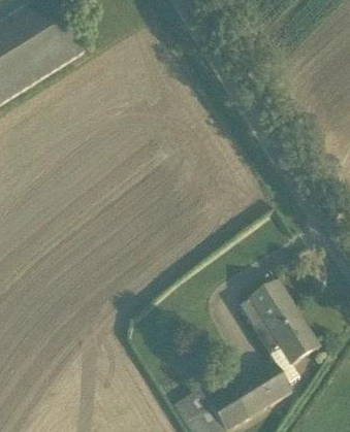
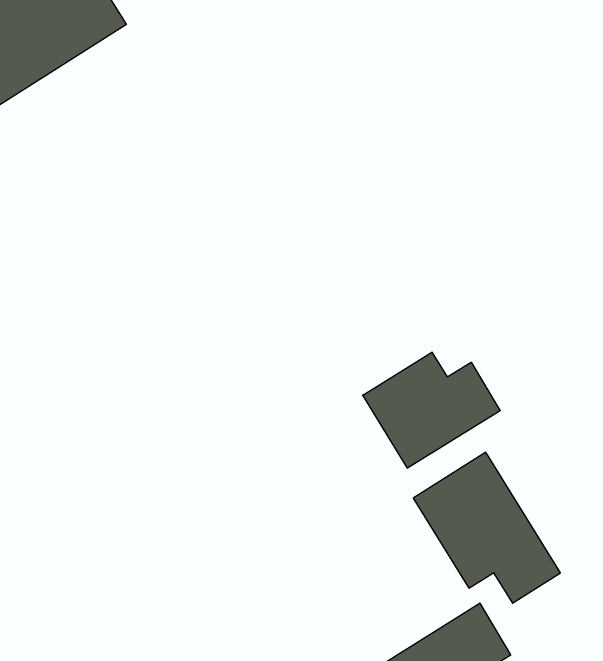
building: none -> [363,352,500,468]

